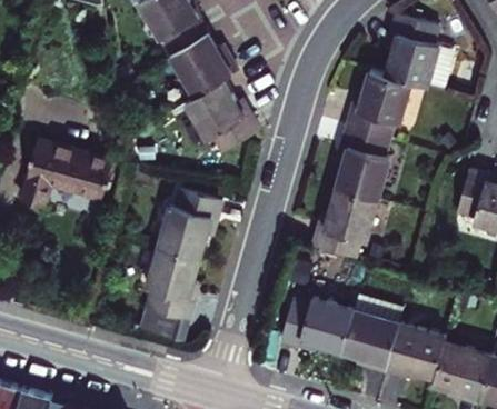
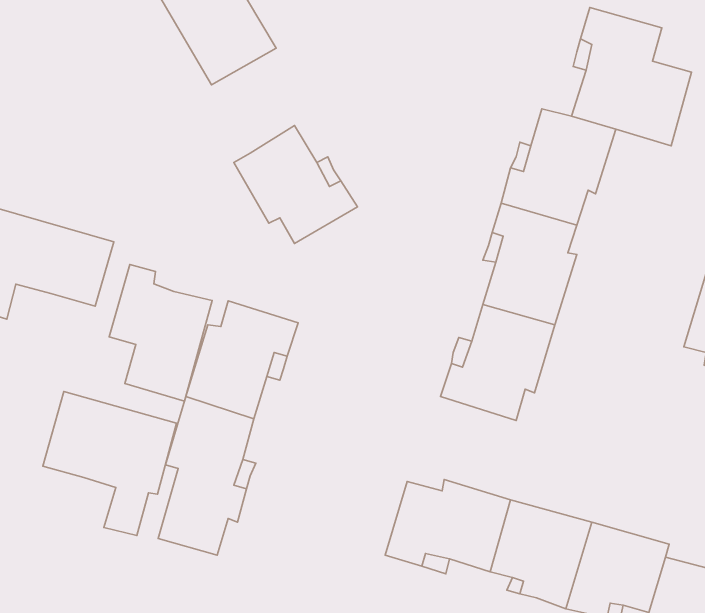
building: [169,36,235,99] -> none
building: none -> [109,265,212,401]
building: none -> [43,391,177,536]

